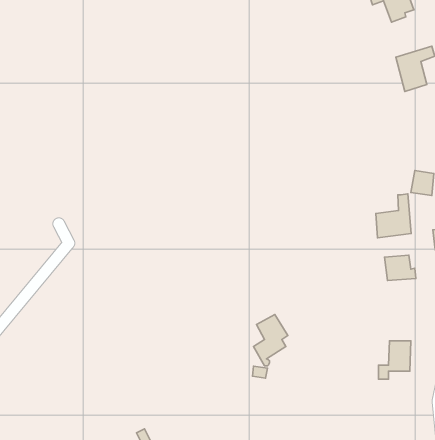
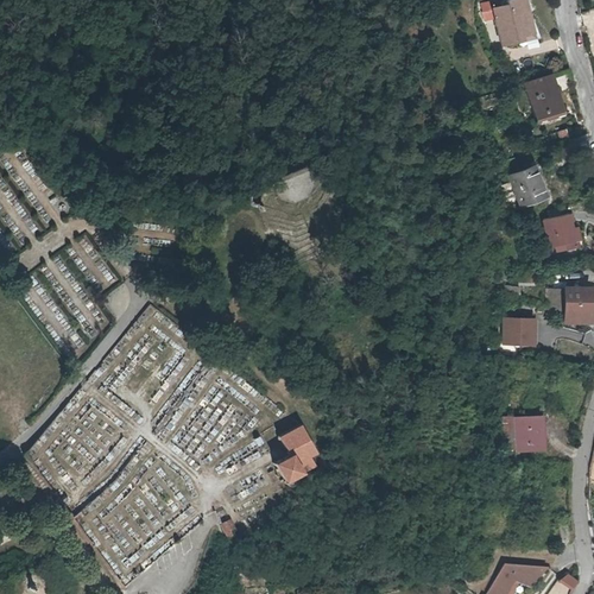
building: none -> [500,164,551,203]
building: [376,194,411,238] -> none
building: [254,314,288,366] -> [274,426,315,487]

